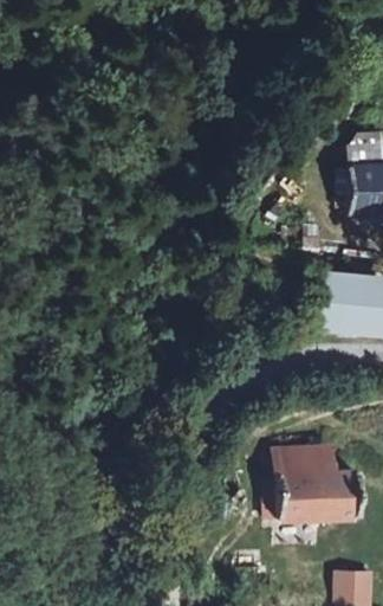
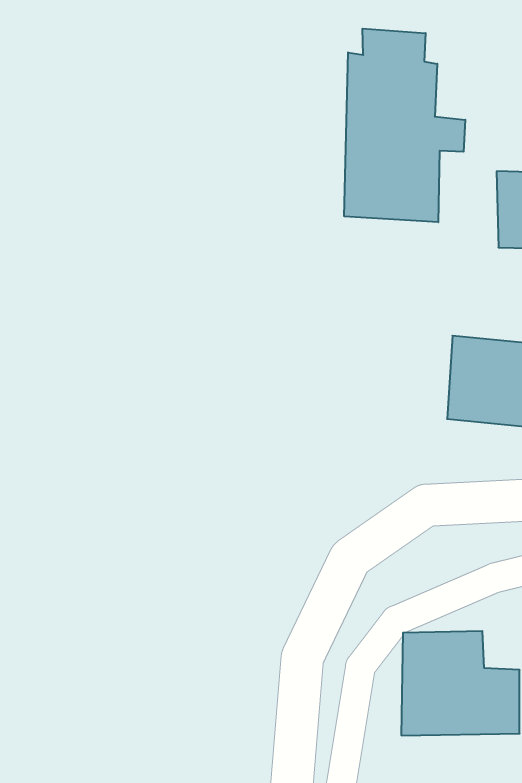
building: none -> [344,29,465,222]

